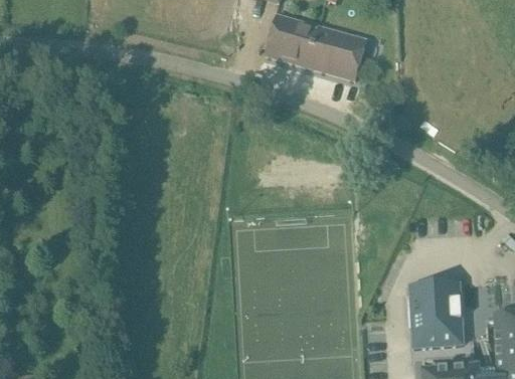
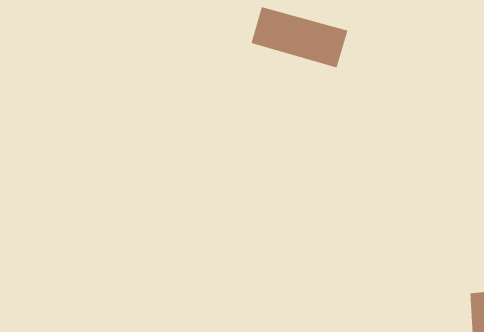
building: [410,283,463,347] -> none

